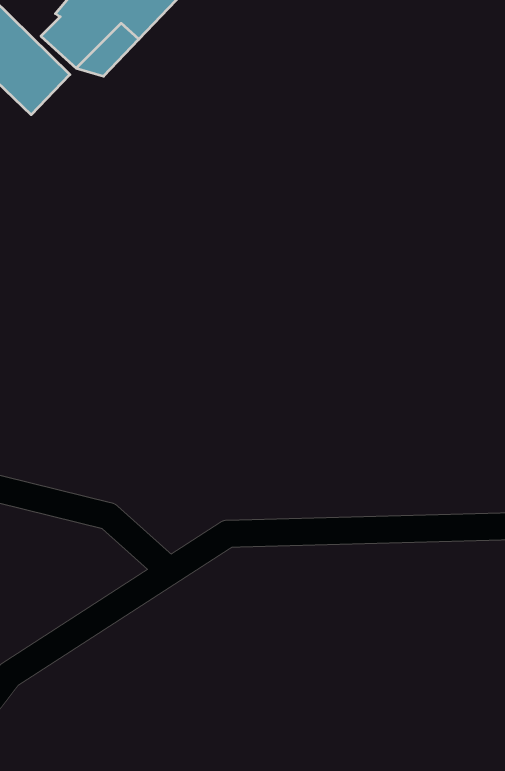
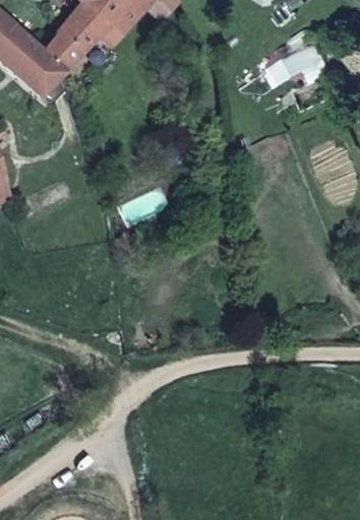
building: none -> [266,40,326,82]

